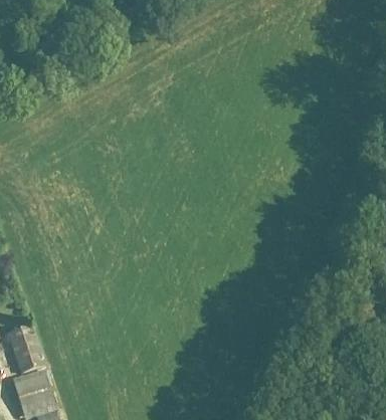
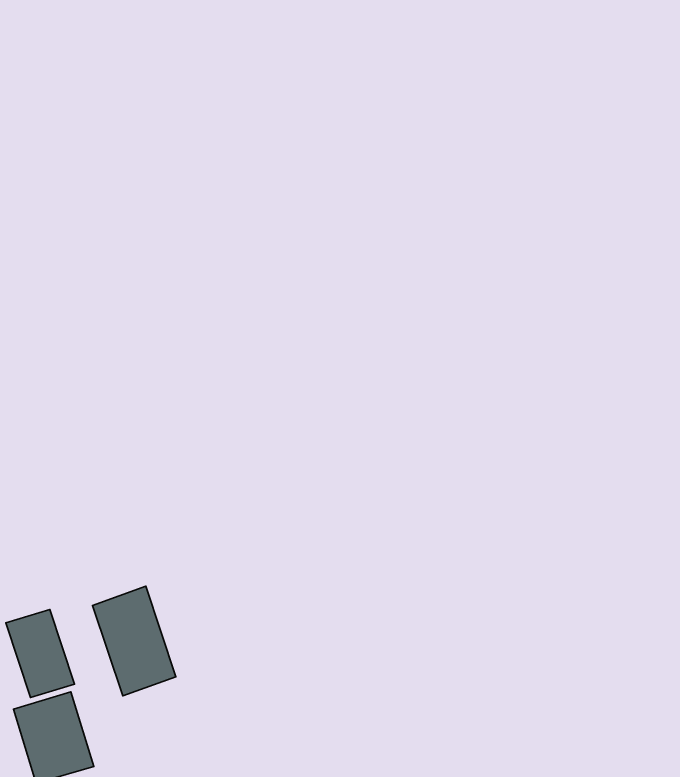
building: none -> [93,586,176,696]

